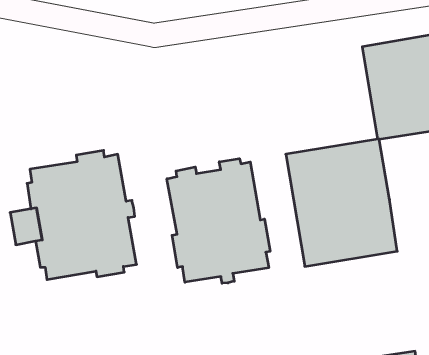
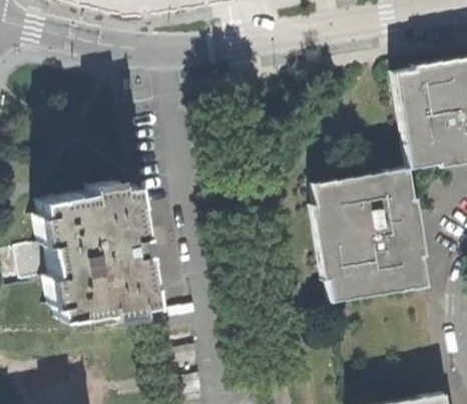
building: [167,159,270,283] -> none

